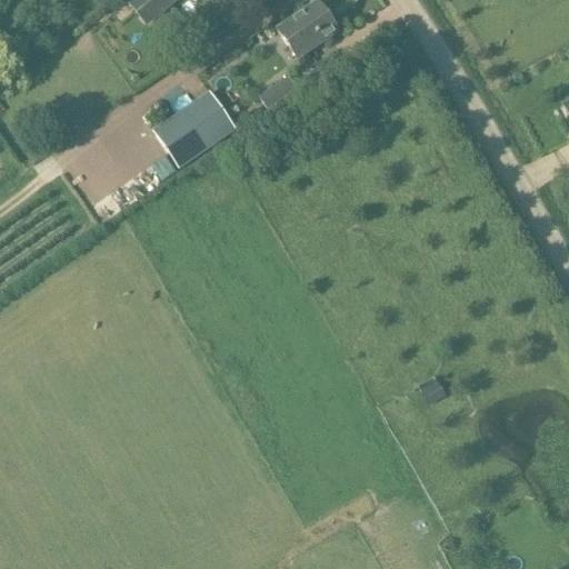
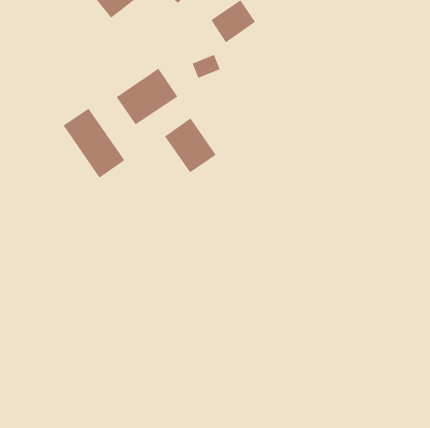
building: none -> [63,108,125,179]
building: none -> [164,118,216,173]

